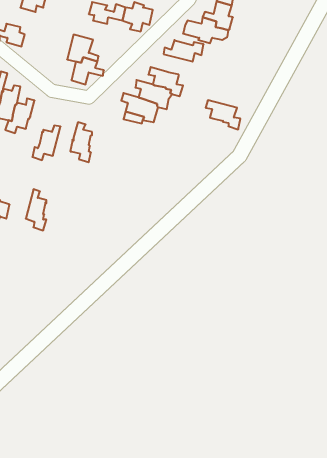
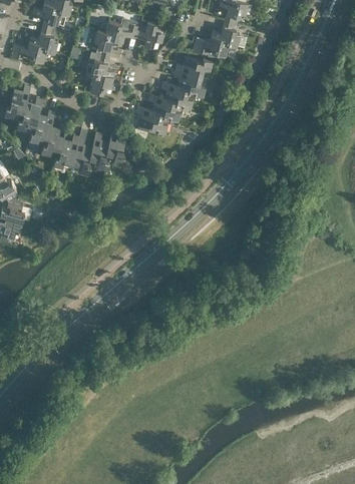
building: none -> [27,27,55,54]
building: none -> [89,30,120,57]
building: [206,100,240,129] -> [170,70,203,97]
building: none -> [38,124,65,155]
building: none -> [103,128,124,165]
building: [26,189,46,230] -> [70,137,89,175]

